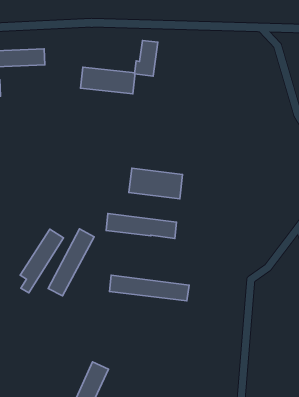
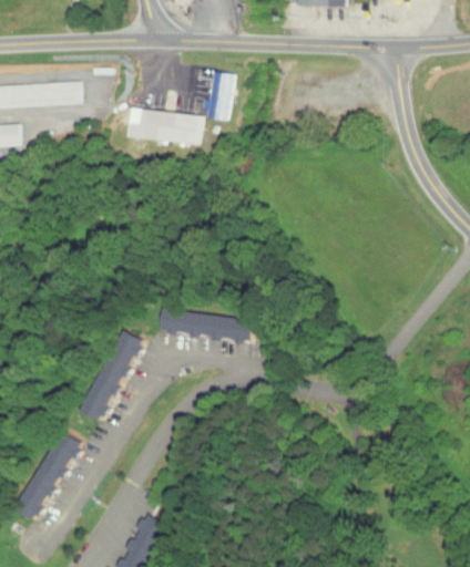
building: [129,168,183,199] -> none
building: [20,229,64,293] -> [20,433,80,520]
building: [110,275,189,301] -> none

